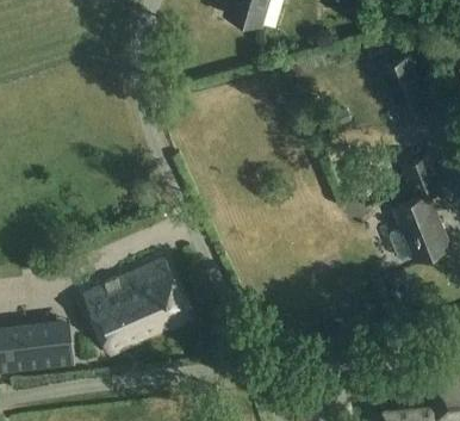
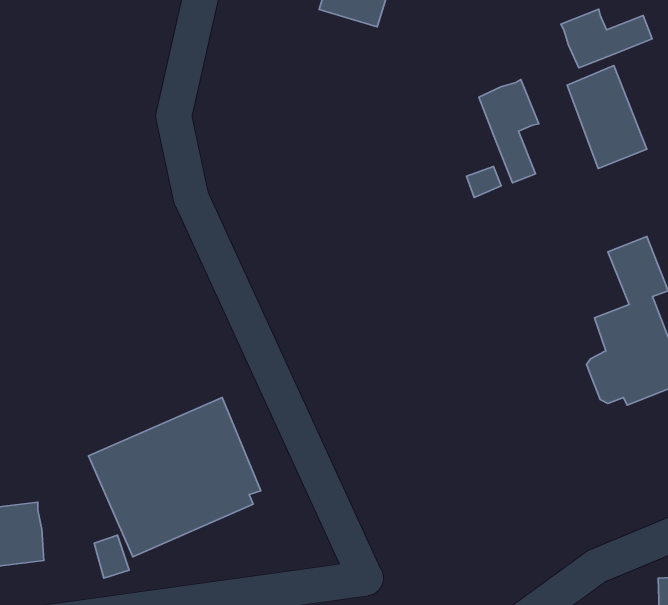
building: none -> [561,9,652,68]
building: none -> [479,79,539,183]

